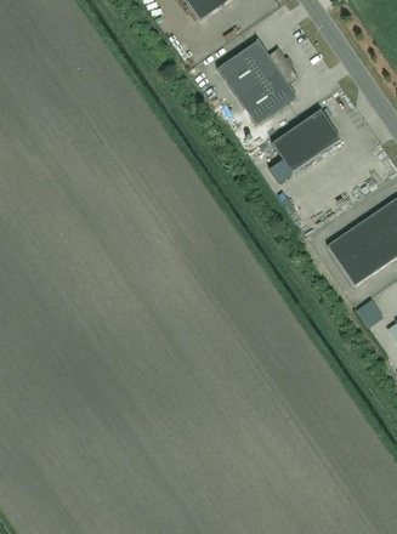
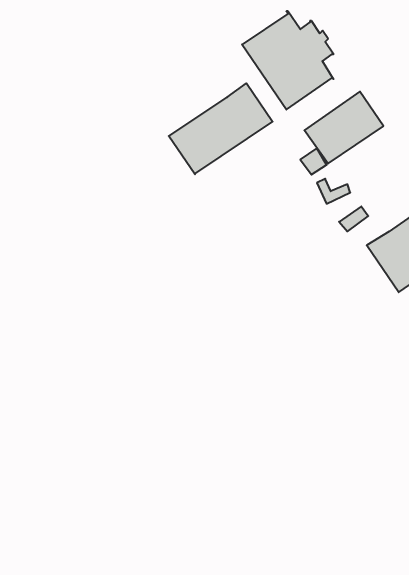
building: none -> [169,83,273,174]

